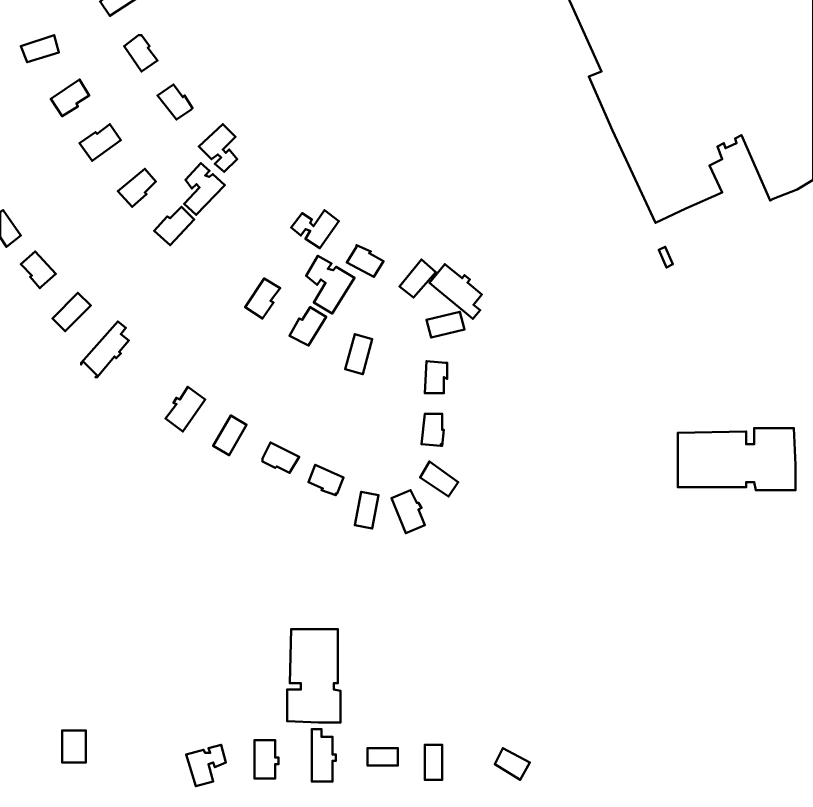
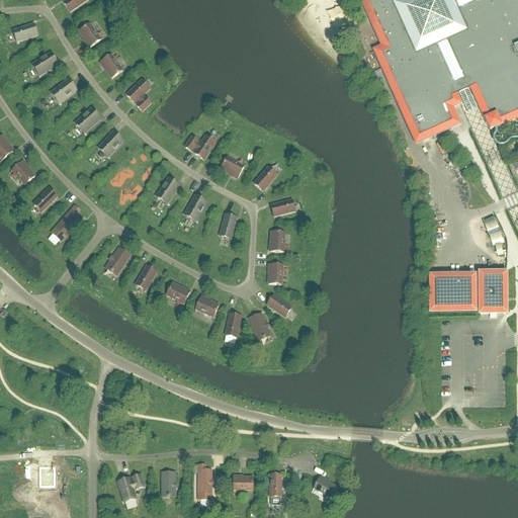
building: [184,163,225,215] -> none
building: [306,256,355,313] -> none
building: [429,264,482,319] -> none
building: [287,629,341,722] -> none

